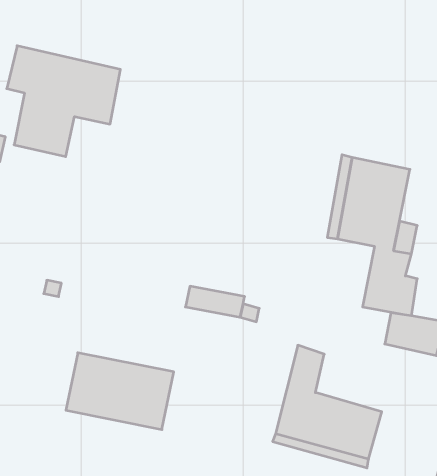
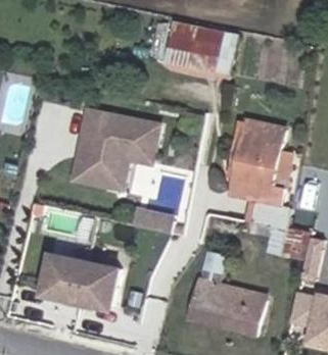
building: none -> [168,18,224,67]
building: [7,46,120,157] -> [81,107,159,184]

